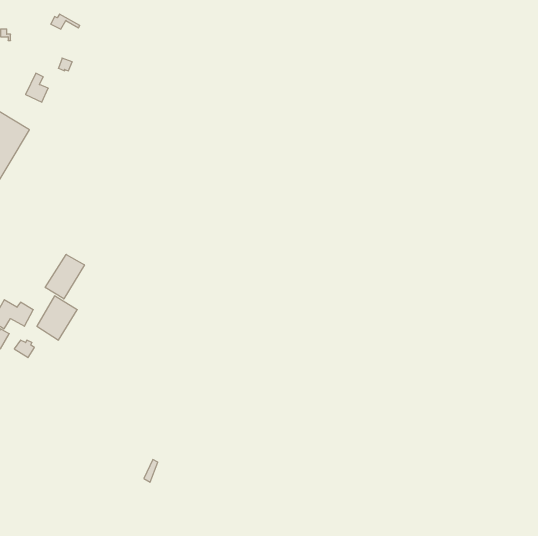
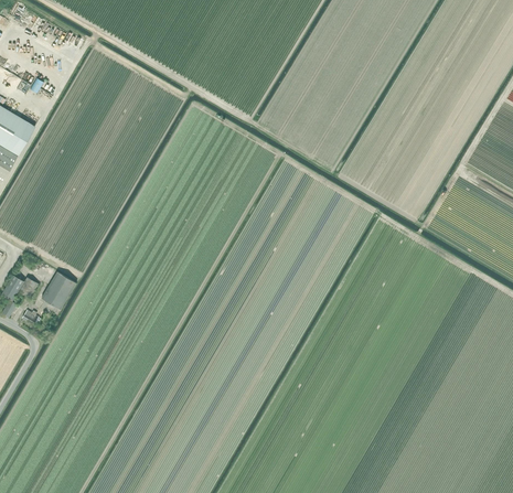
building: [45,254,84,299] -> none

